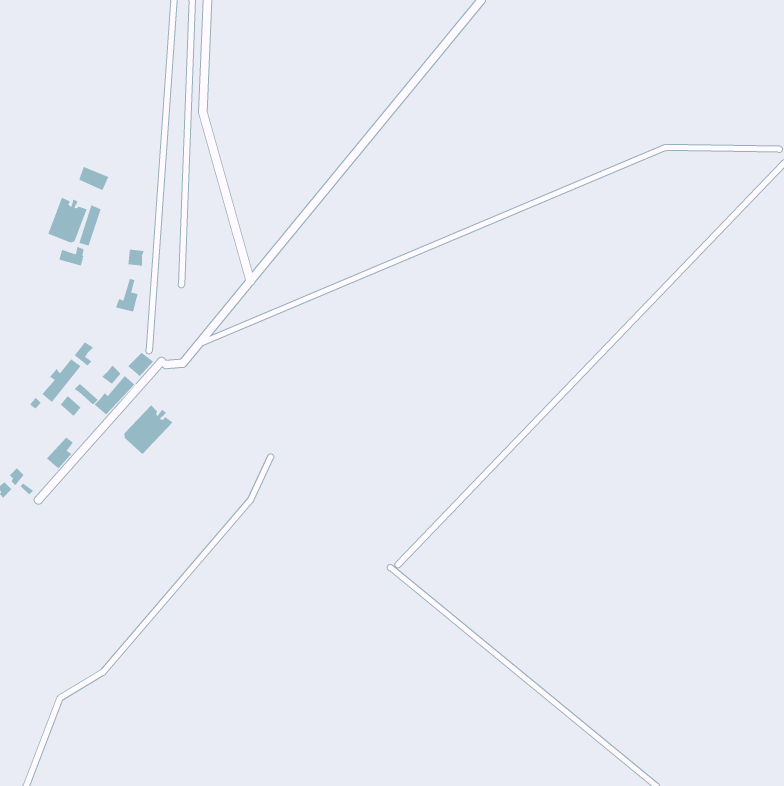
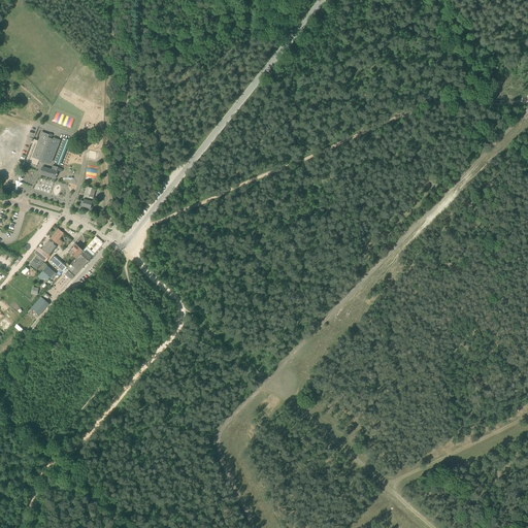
building: [124,404,174,455] -> none

